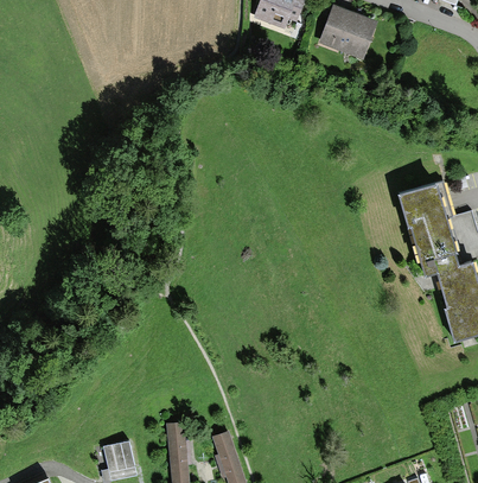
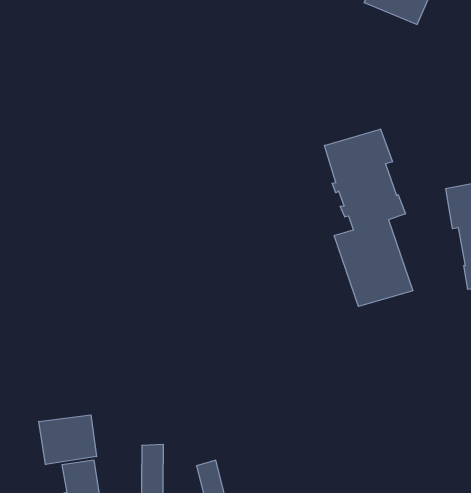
building: none -> [324,129,413,306]
building: none -> [39,415,97,465]

